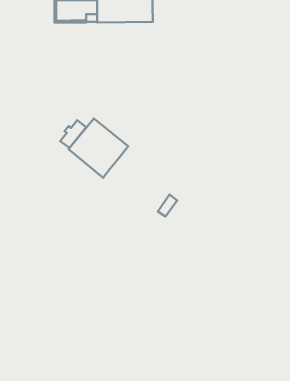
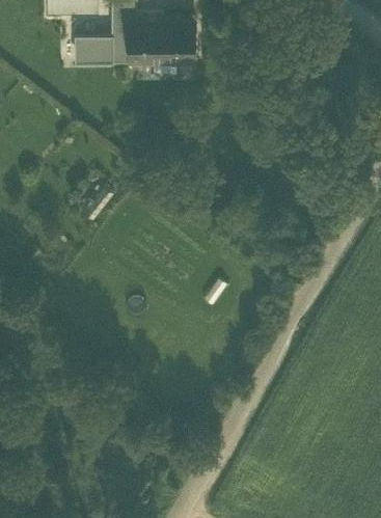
building: [69,119,128,178] -> none

